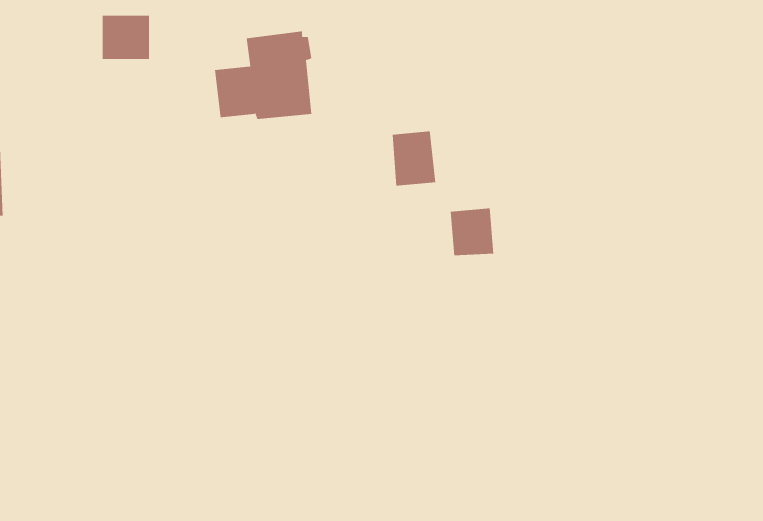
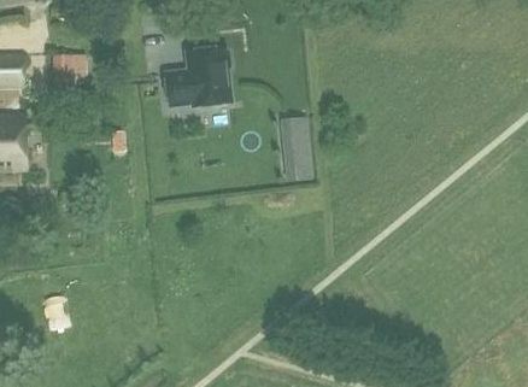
building: [102,15,150,60] -> [52,55,83,84]
building: [450,208,494,256] -> [282,148,311,180]

